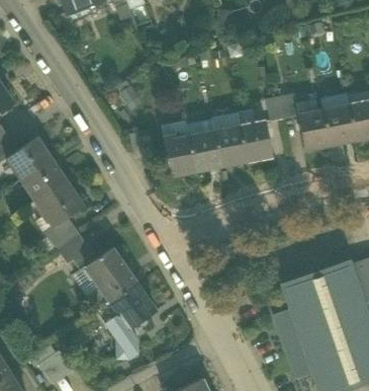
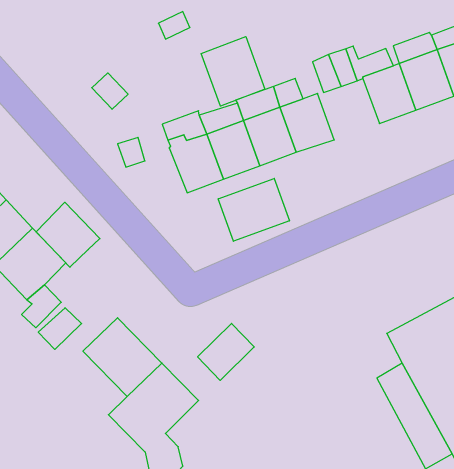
building: none -> [201,37,265,106]
building: none -> [36,202,100,267]
building: none -> [218,178,289,241]
building: none -> [198,323,254,380]

